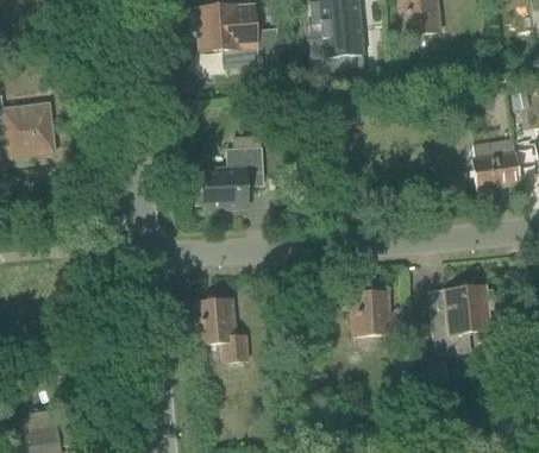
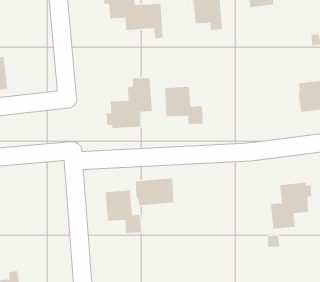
building: none -> [165,86,204,125]
building: none -> [135,177,174,206]
building: [352,290,390,335] -> none

